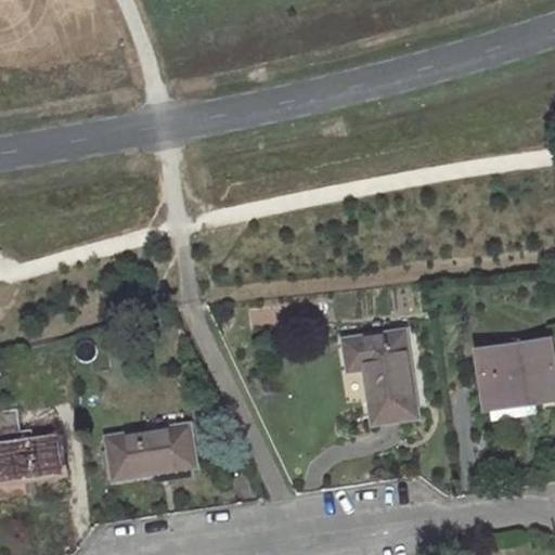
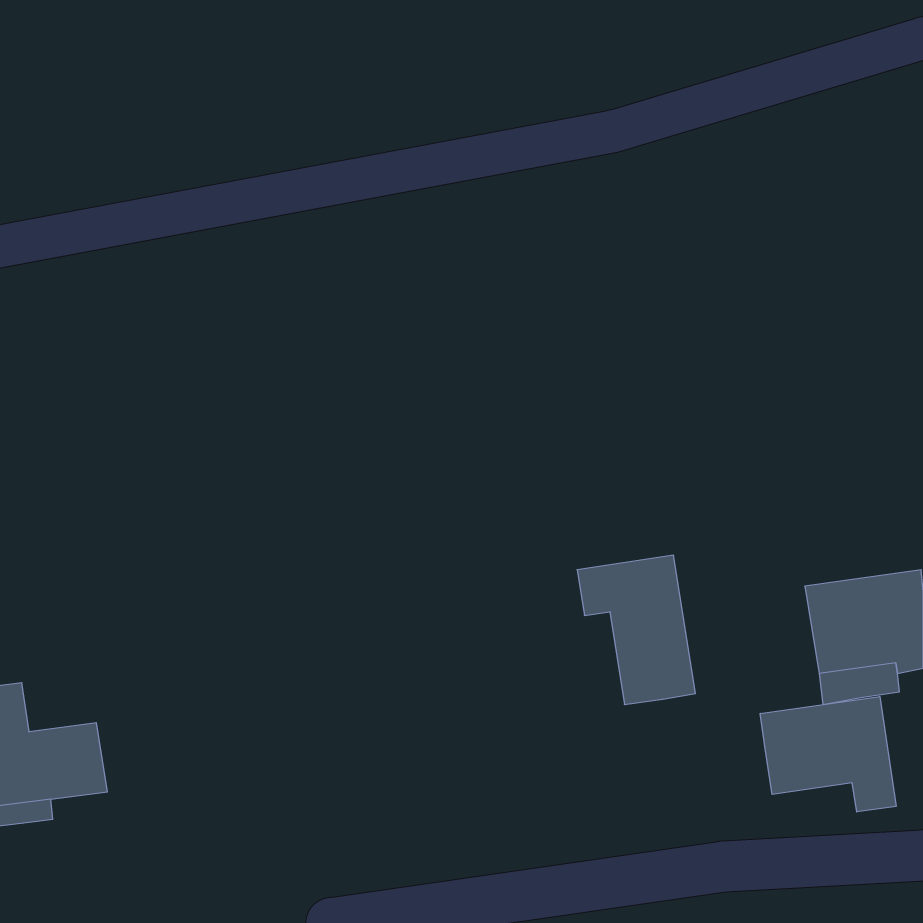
building: none -> [760,696,896,812]
building: [106,424,193,478] -> none

